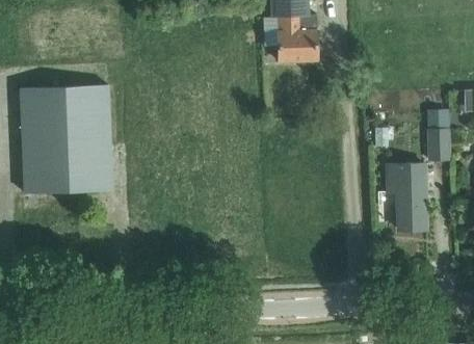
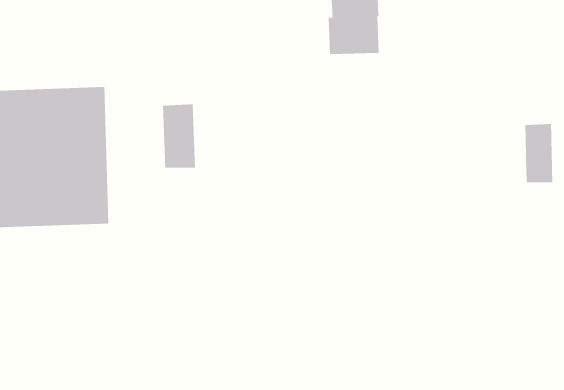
building: none -> [162,103,196,169]
building: [387,162,426,230] -> none

